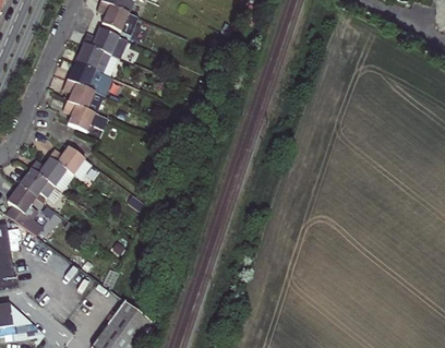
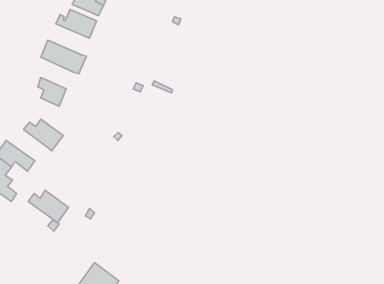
building: [75,43,120,76] -> none
building: [64,79,104,112] -> none
building: [31,156,74,191] -> [28,190,69,223]

